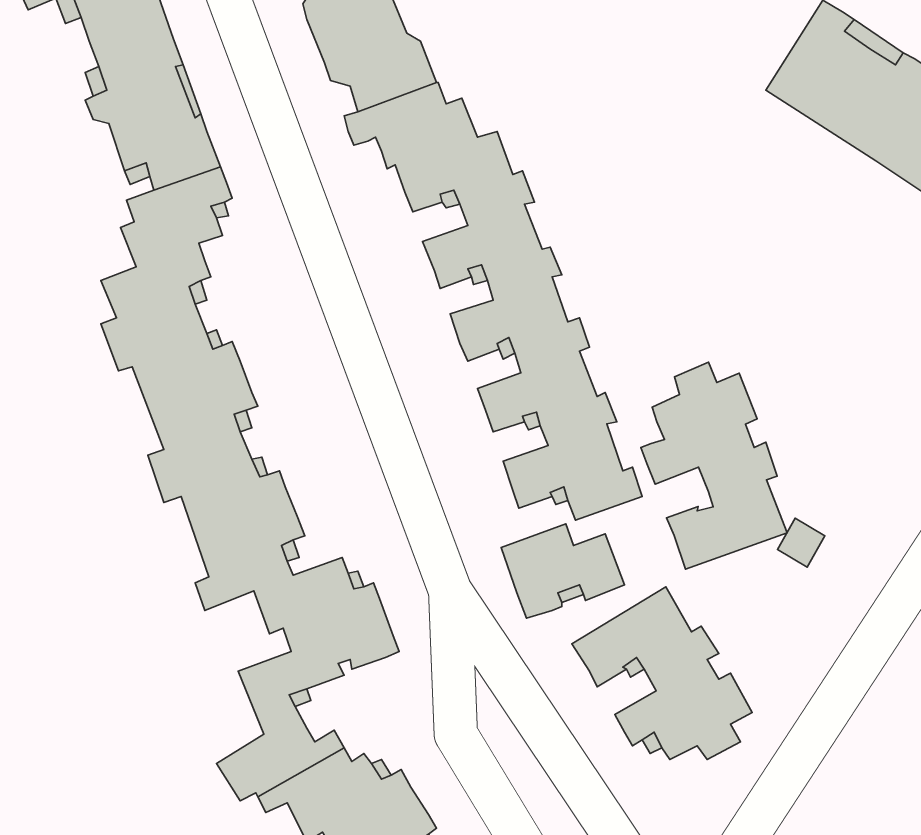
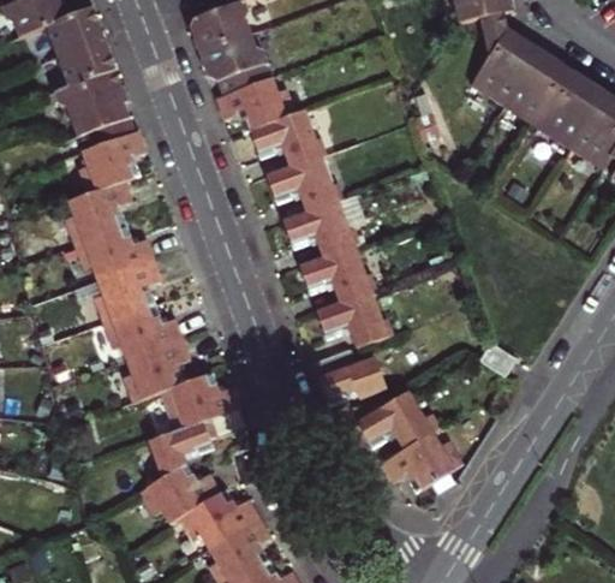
building: [641,362,787,569] -> none

